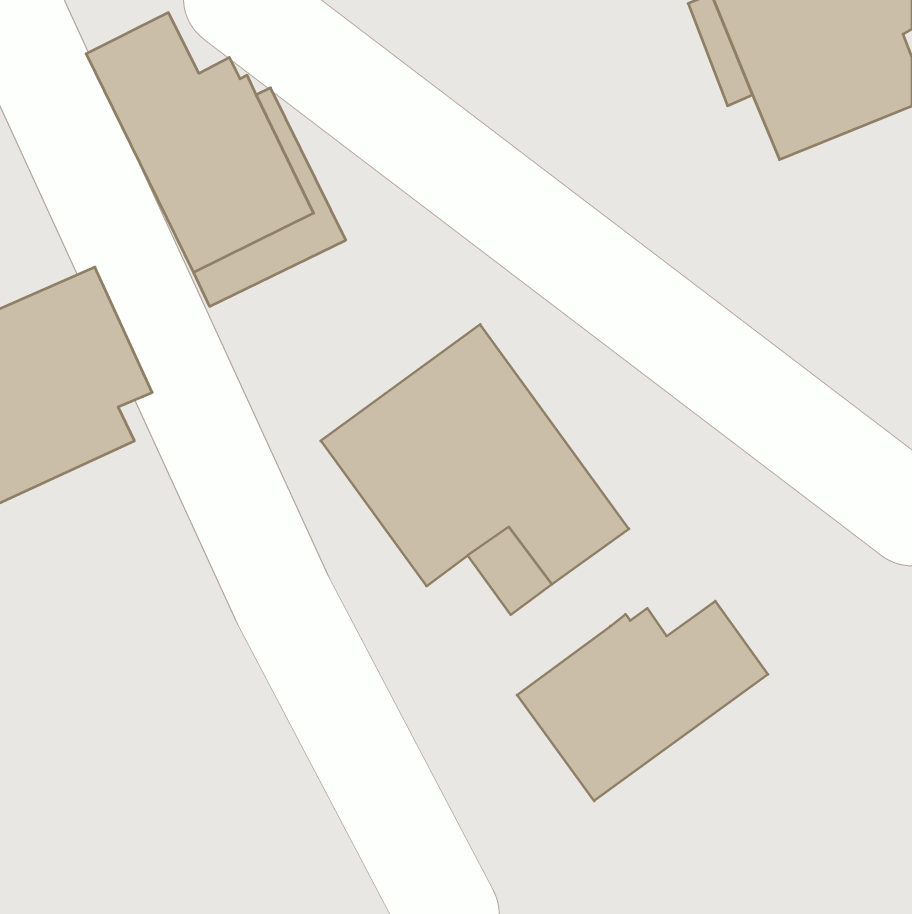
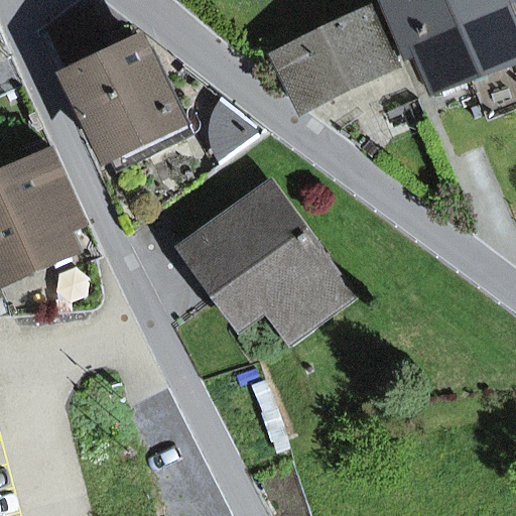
building: none -> [273,12,390,105]
building: [517,601,768,801] -> none

